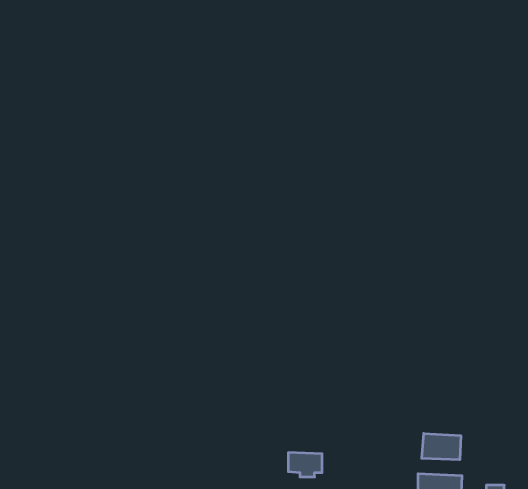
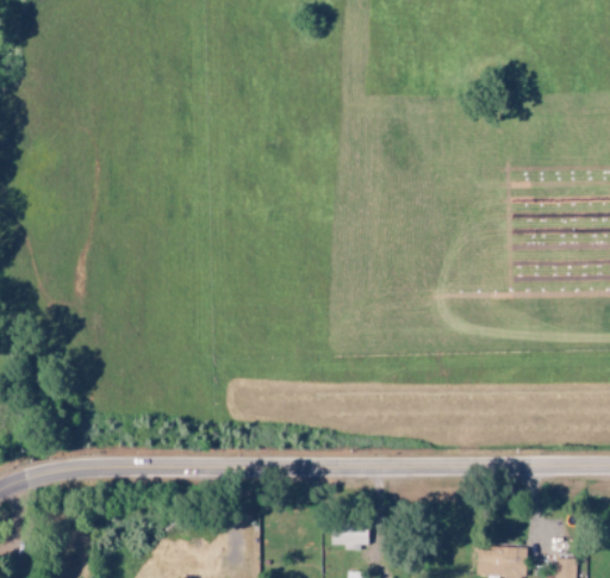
building: [422,433,461,460] -> none

